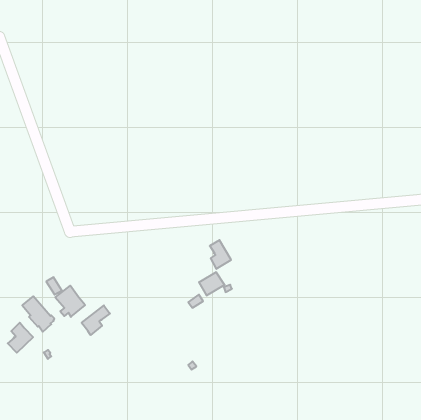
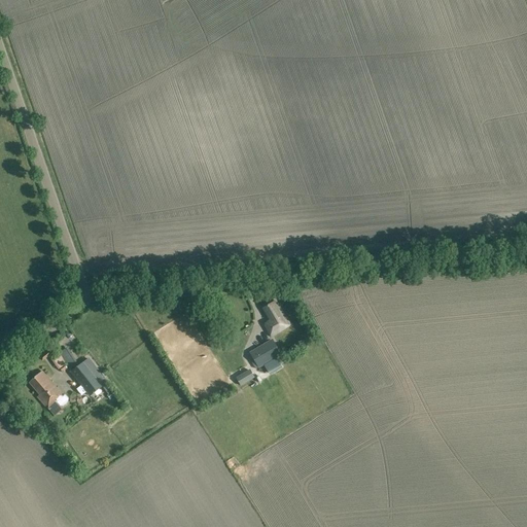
building: [82,305,110,335] -> none
building: [8,323,33,353] -> none

